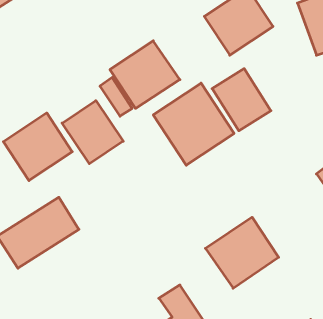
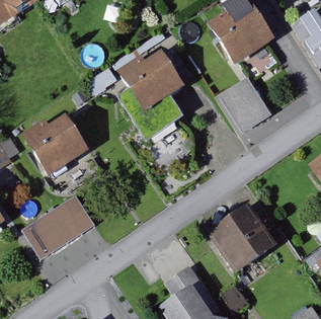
building: [153,83,234,165] -> none
building: [62,101,123,164] -> none

